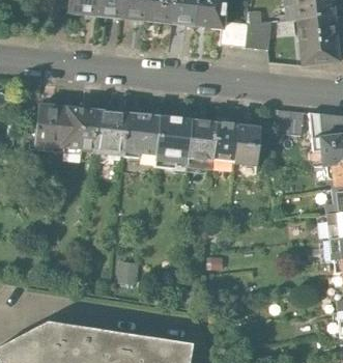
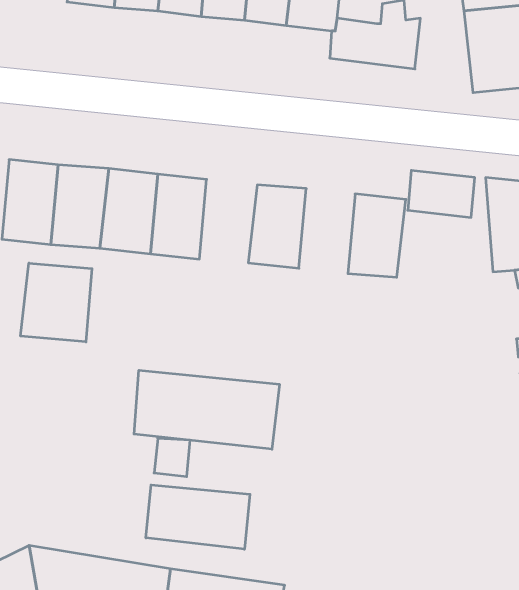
building: [145,113,178,161] -> none
building: [202,118,234,167] -> none
building: none -> [21,263,92,342]
building: none -> [134,370,279,449]
building: none -> [146,485,250,549]

